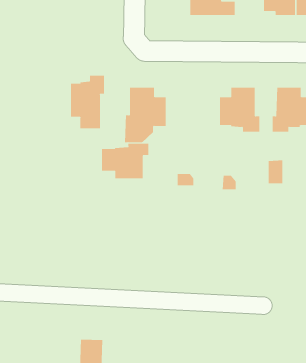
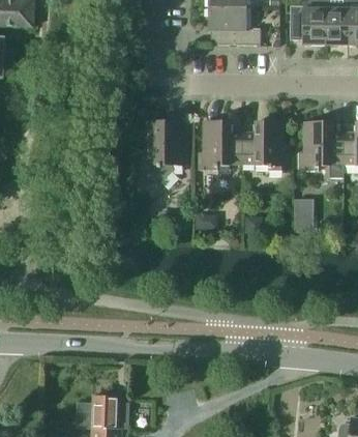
building: [71,75,104,129] -> none
building: none -> [199,121,243,169]
building: [102,143,149,179] -> none

